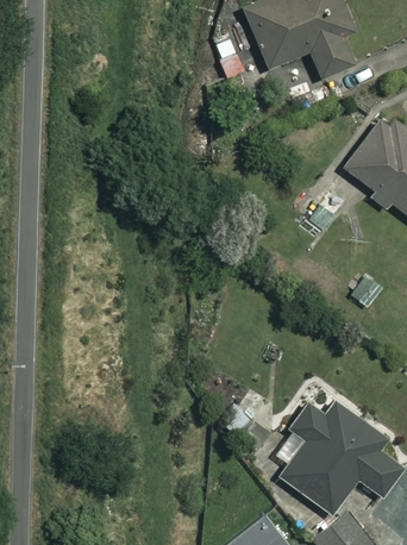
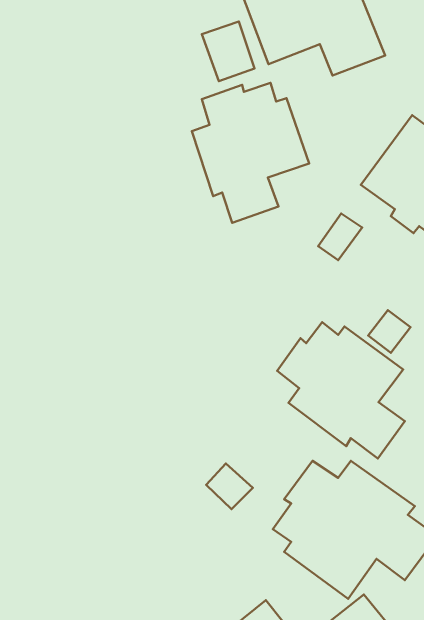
building: none -> [192,83,309,223]
building: none -> [277,322,405,458]

